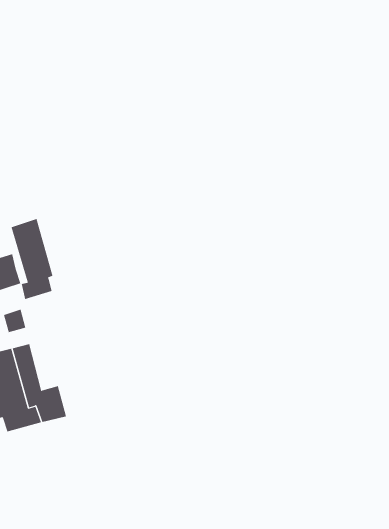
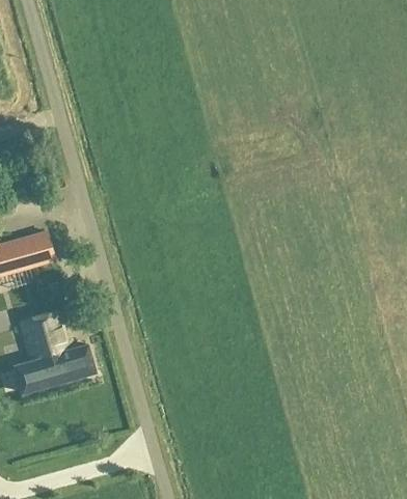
building: [11,218,53,300] -> none

